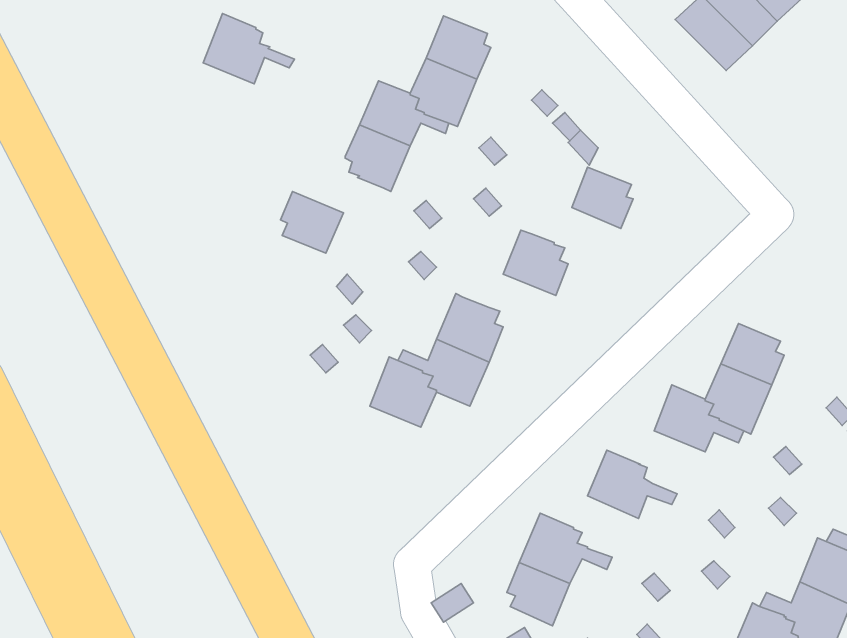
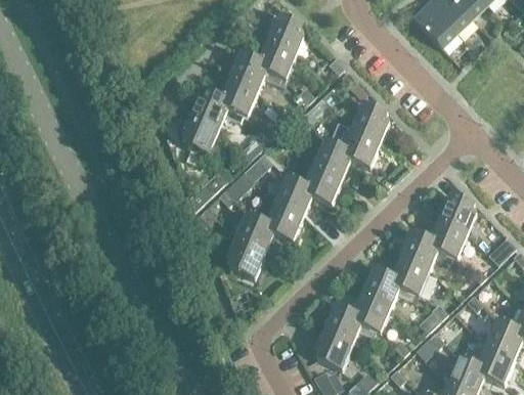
building: [203,14,294,84] -> [189,89,243,130]
building: none -> [329,125,381,168]
building: none -> [289,166,343,205]
building: none -> [226,243,264,279]
building: none -> [391,257,430,296]
building: none -> [353,295,391,333]

